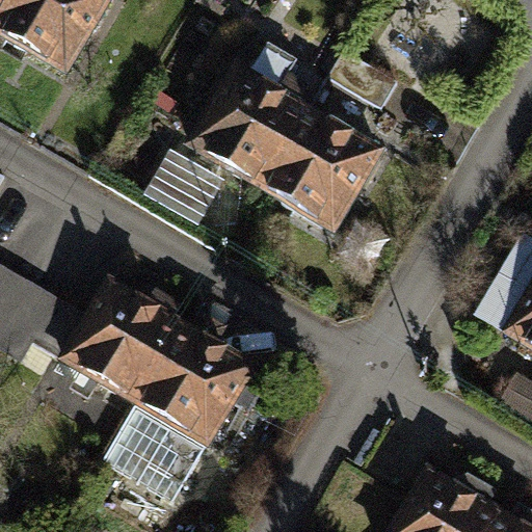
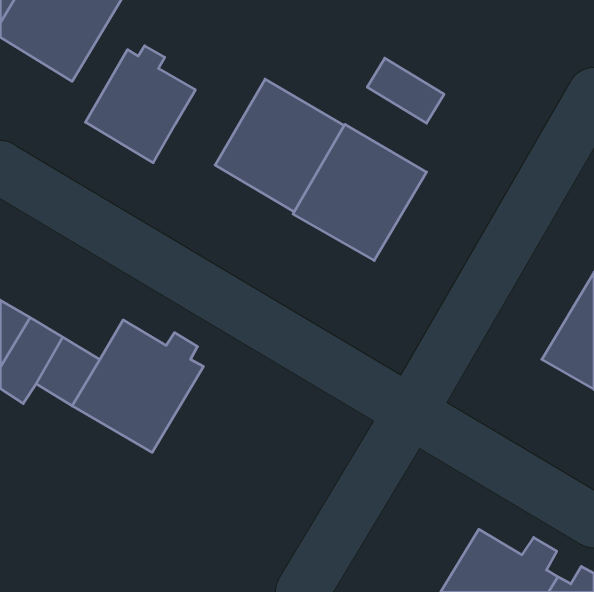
building: none -> [85,46,195,163]
building: [104,316,252,502] -> none

